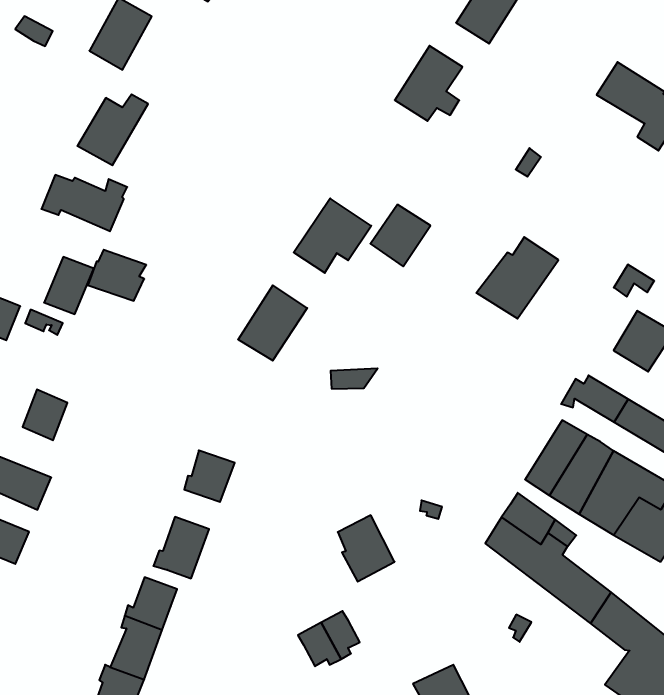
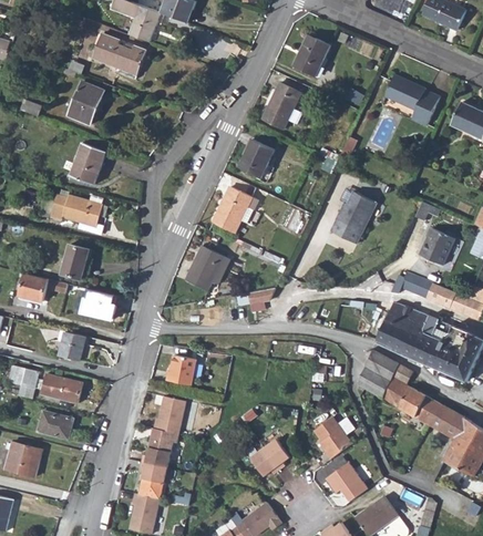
building: [370,205,430,266] -> [238,140,274,177]
building: [88,250,146,301] -> [83,290,117,319]
building: [338,515,395,582] -> [314,415,351,457]

